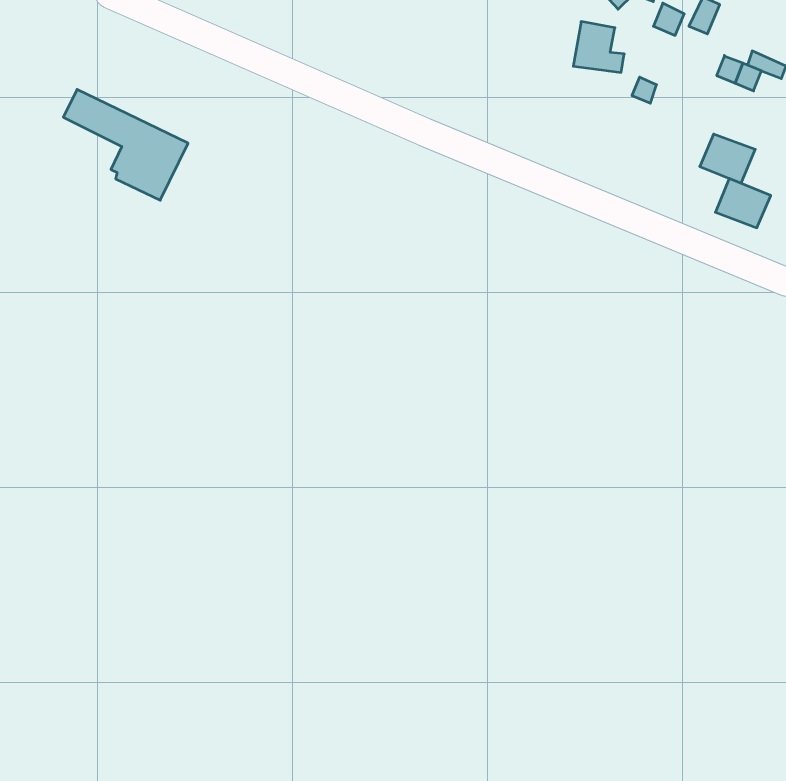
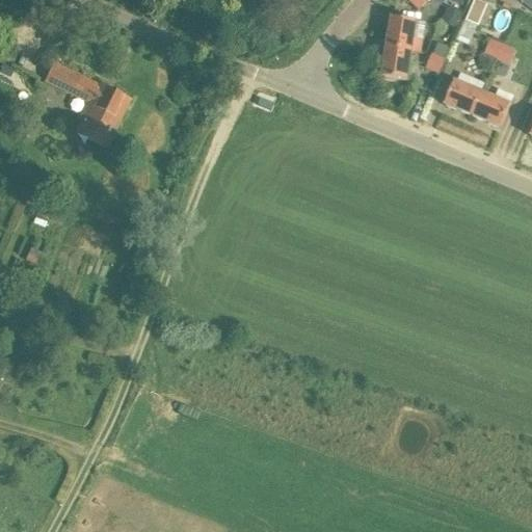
building: none -> [382,45,410,78]
building: [715,178,771,228] -> [444,79,481,112]

